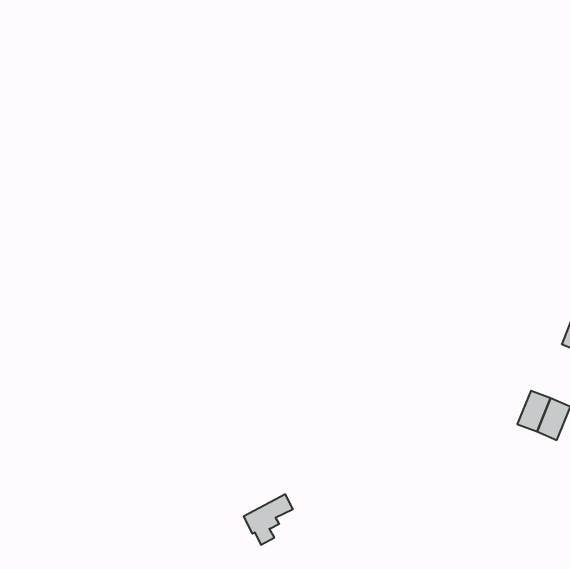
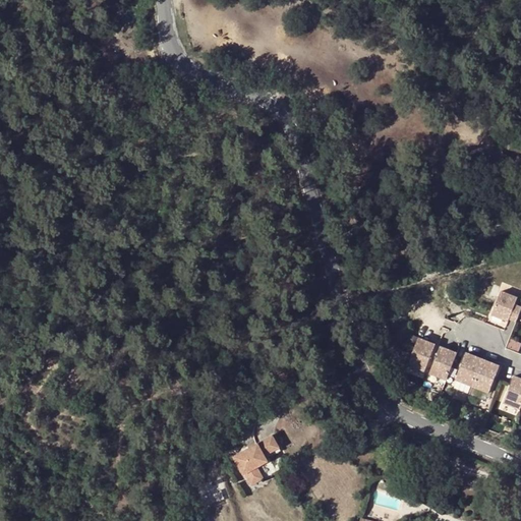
building: none -> [409,339,437,372]
building: none -> [430,347,458,381]

